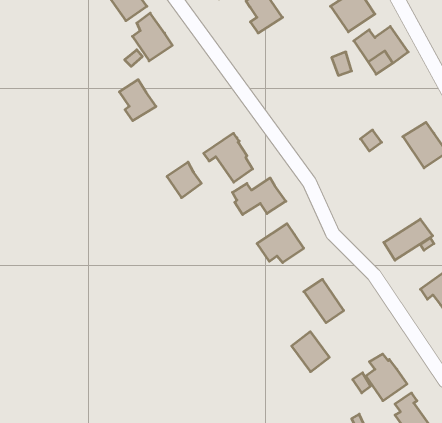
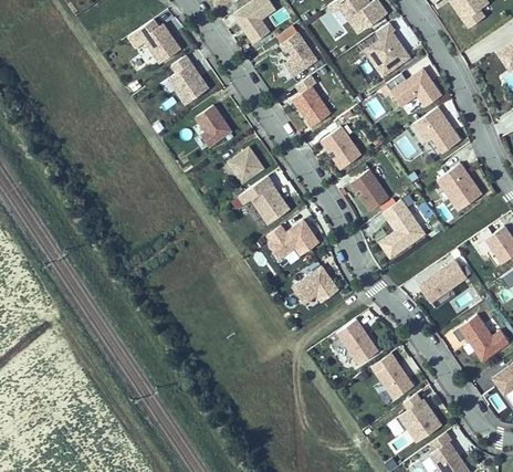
building: none -> [293,76,331,126]
building: none -> [413,106,461,153]
building: [119,80,156,121] -> [195,105,231,146]
building: none -> [321,127,360,169]
building: none -> [350,170,388,211]
building: none -> [379,200,423,258]
building: [167,162,201,198] -> [229,146,263,181]
building: [292,332,329,372] -> [375,359,412,399]

